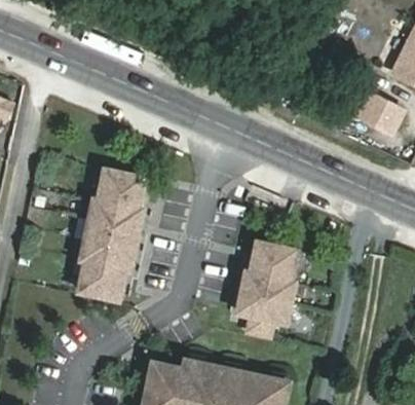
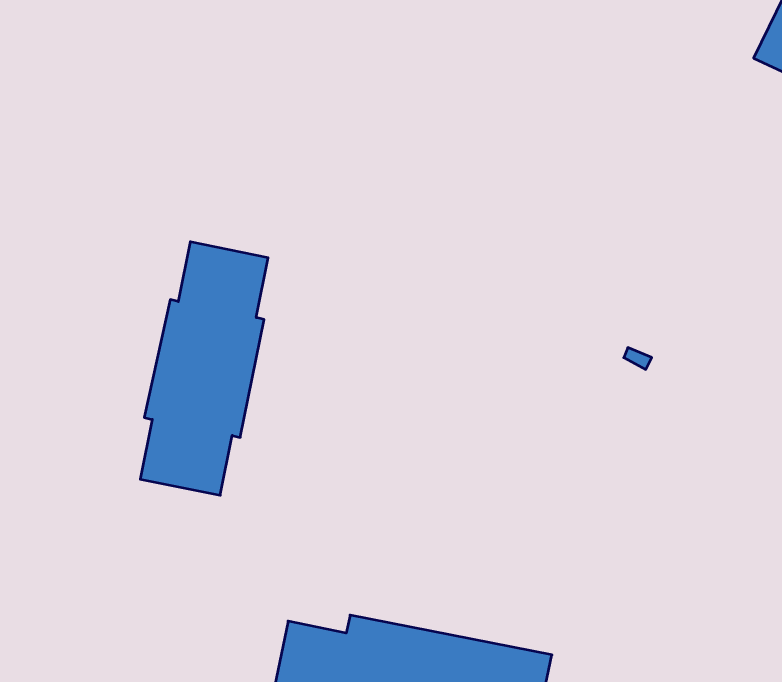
building: [357,93,403,133] -> none
building: [236,240,296,334] -> none

